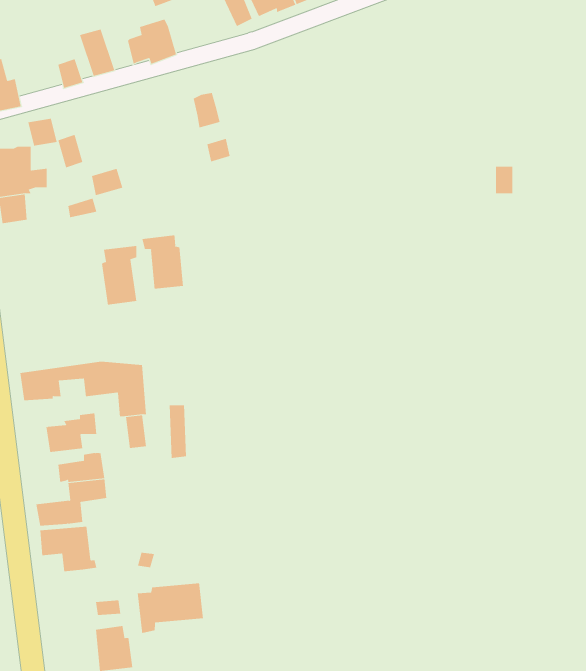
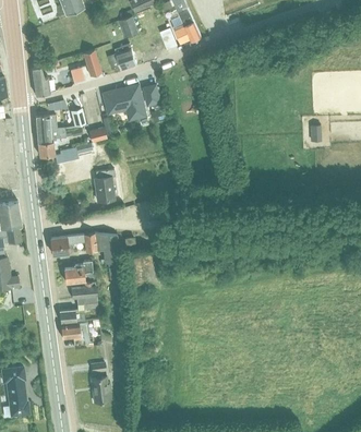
building: none -> [103,85,145,119]
building: [142,235,184,289] -> none
building: [137,582,203,634] -> none

